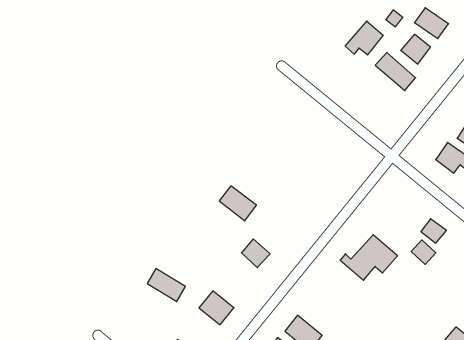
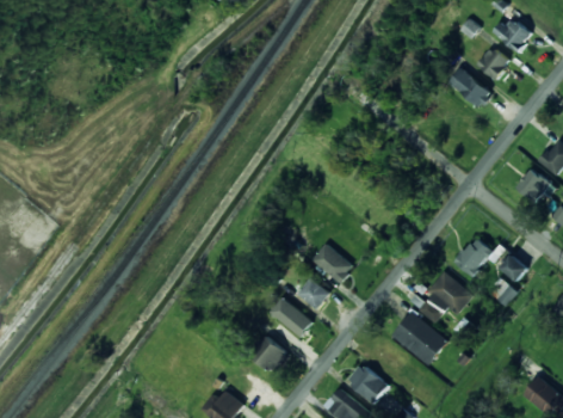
building: [345,21,383,55] -> none
building: [219,186,256,221] -> [311,244,353,283]
building: none -> [453,236,497,276]
building: none -> [390,311,446,364]
building: [147,269,185,302] -> [270,299,313,336]

